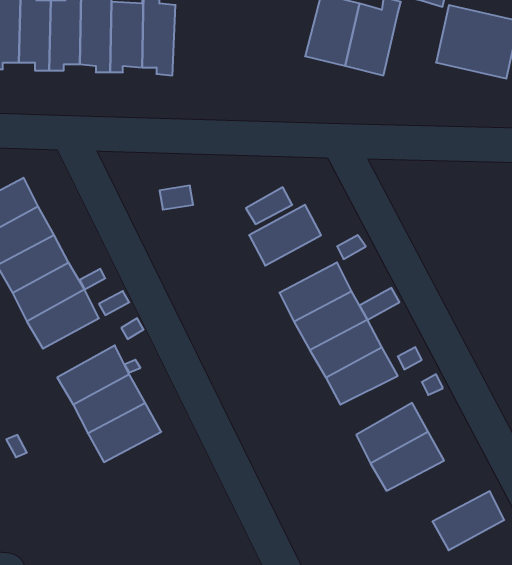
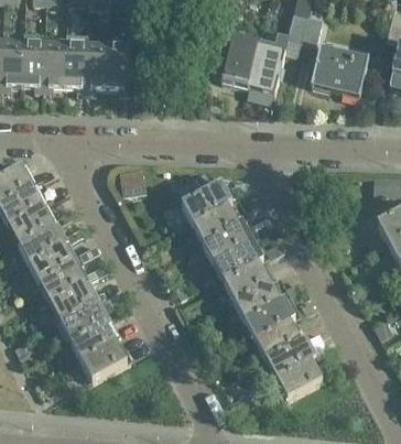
building: none -> [193,203,242,242]
building: none -> [40,260,89,301]
building: none -> [245,300,294,340]
building: none -> [82,338,132,380]
building: [432,491,504,550] -> [277,358,326,399]

